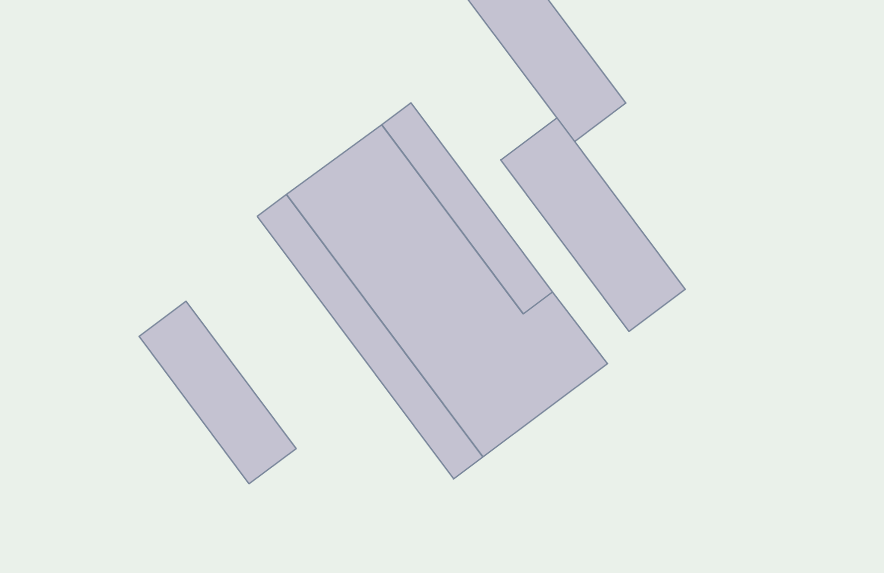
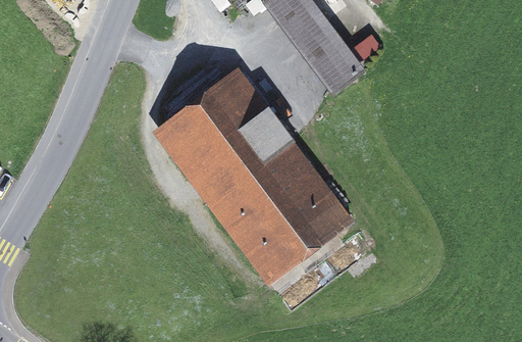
building: [501,118,685,331] -> none
building: [139,301,296,484] -> none

